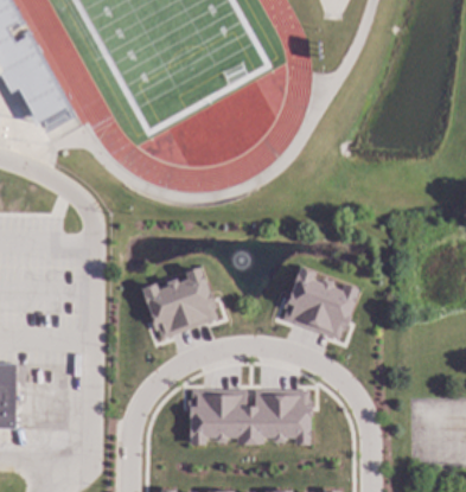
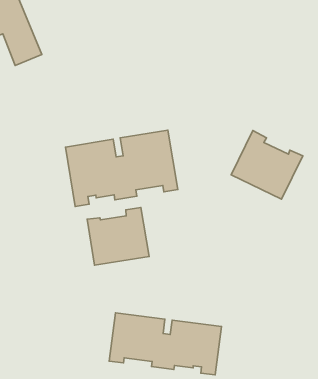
building: none -> [65,130,178,206]
building: [281,267,359,340] -> [231,131,303,199]

